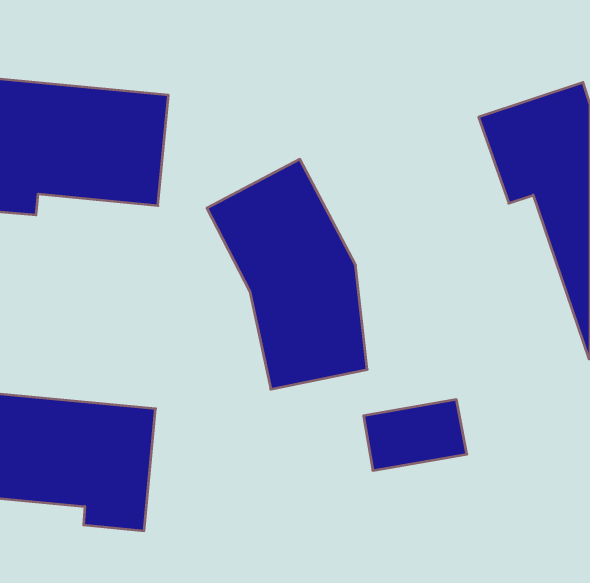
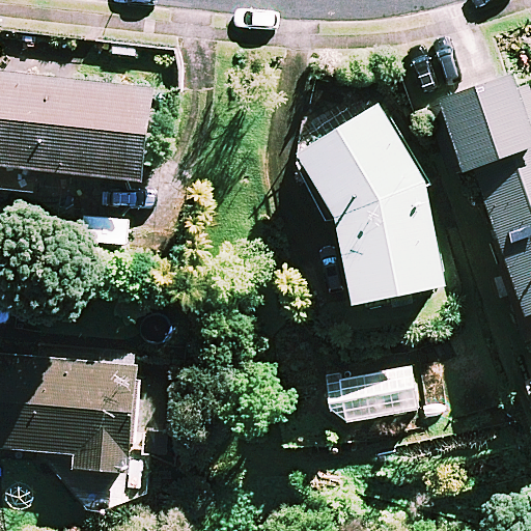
building: [207,159,367,389] -> [301,105,444,310]

